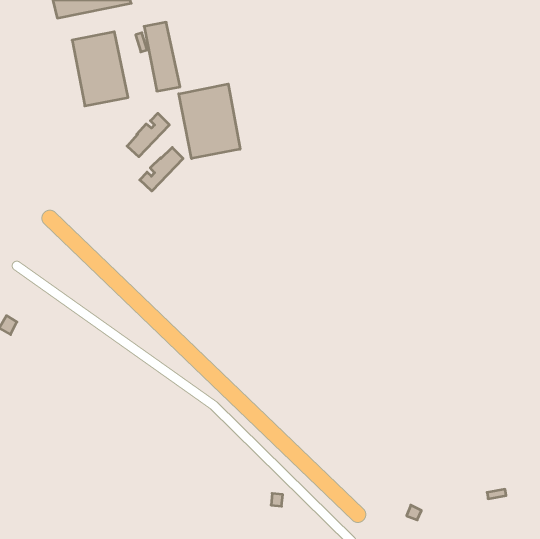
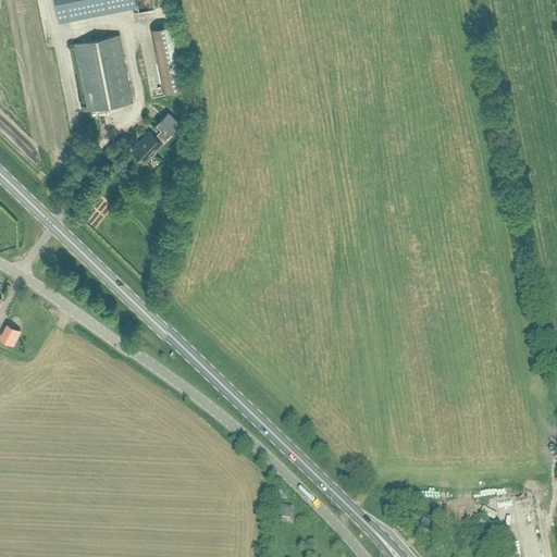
building: [179,84,240,159] -> none
building: [140,147,183,191] -> none

